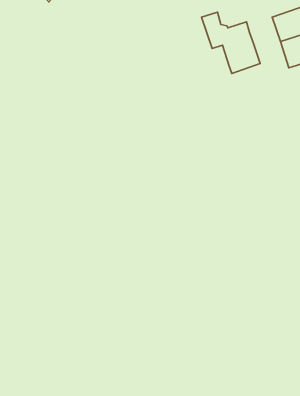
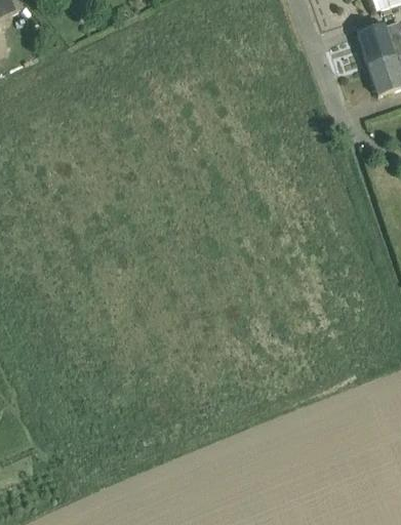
building: [201,12,260,74] -> none

